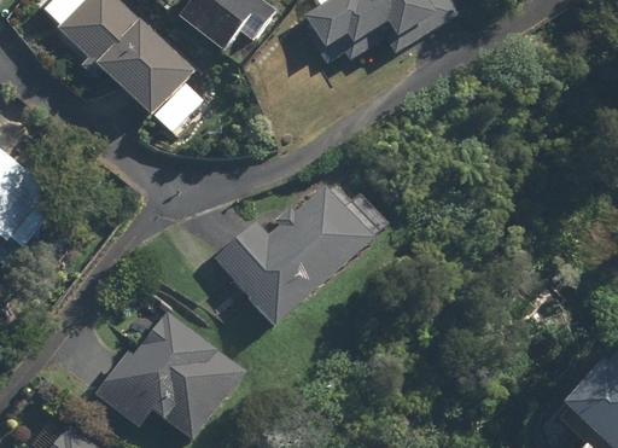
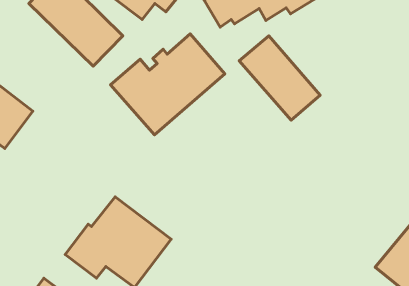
building: none -> [239,36,320,120]
building: [225,175,387,319] -> [111,34,225,135]

